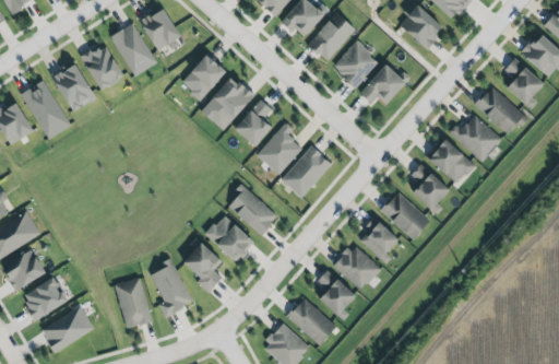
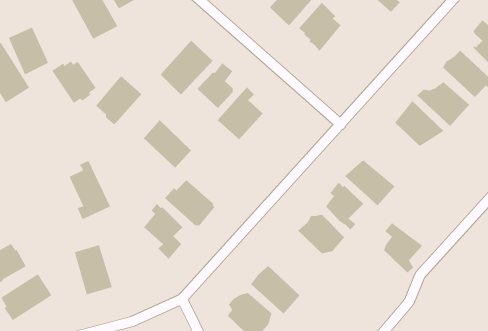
building: [81,45,126,87] -> [51,60,97,104]
building: [181,50,227,99] -> [95,75,142,126]
building: [361,62,411,103] -> none
building: [281,146,330,199] -> none
building: [413,166,452,216] -> [383,222,423,274]
building: [227,188,275,236] -> [143,119,192,168]
building: [151,258,192,317] -> [69,160,111,220]
building: [320,268,357,314] -> none

